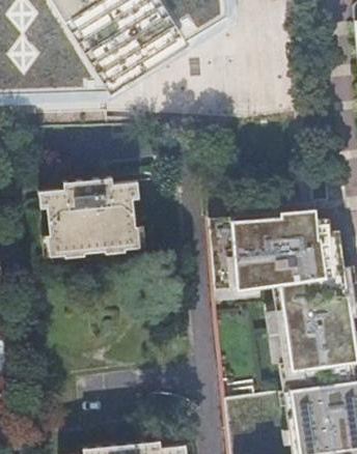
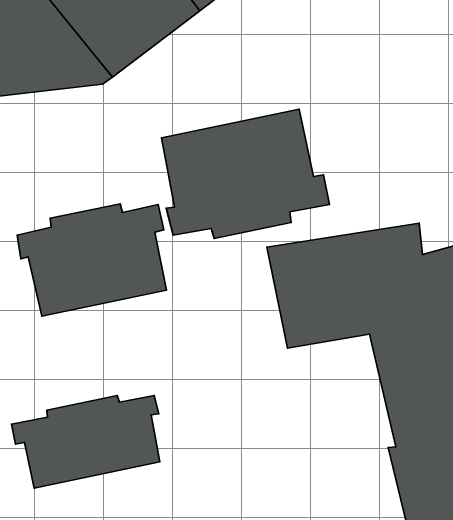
building: none -> [161,109,329,238]
building: none -> [12,395,160,488]

